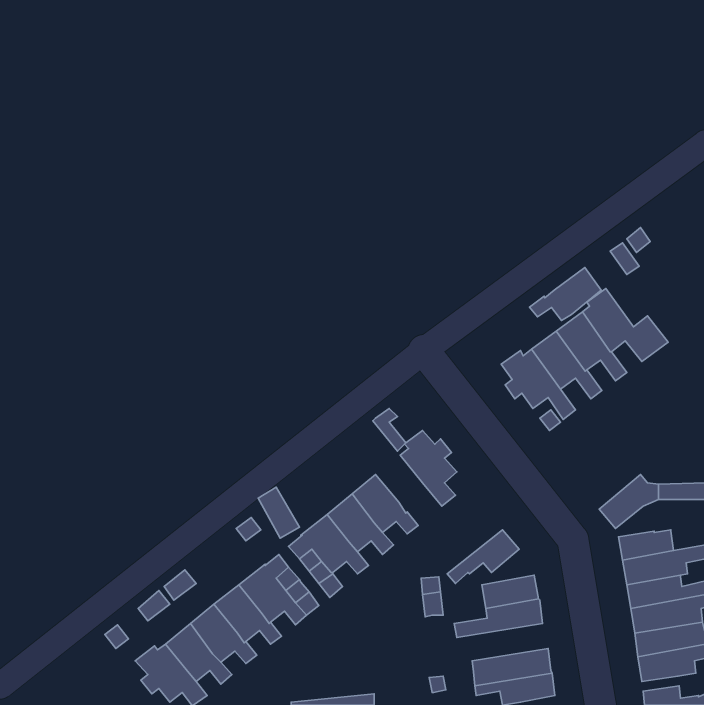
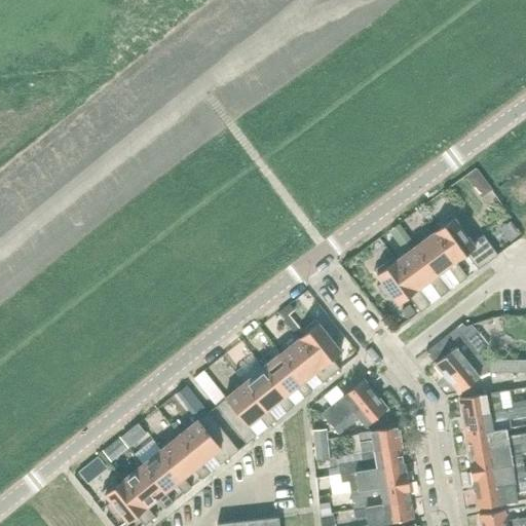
building: [530,268,601,321] -> none
building: none -> [425,328,478,379]
building: none -> [280,339,330,383]
building: none -> [324,380,375,427]
building: none -> [341,464,409,492]

